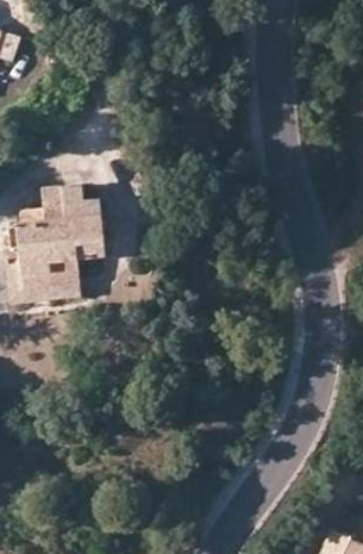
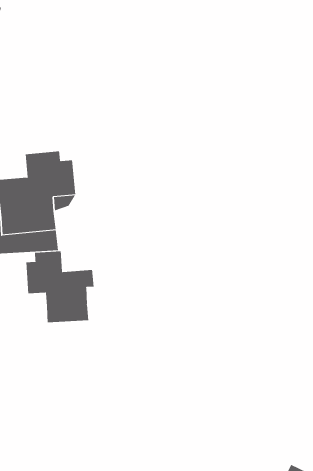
building: none -> [26,250,94,323]

